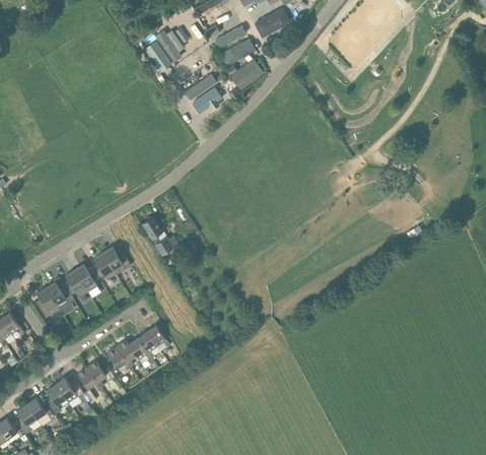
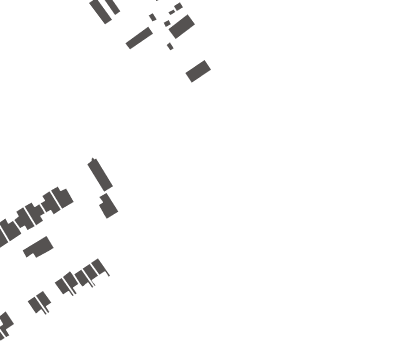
building: [193,89,223,117] -> [184,59,212,84]
building: none -> [98,192,119,220]
building: none -> [21,235,55,259]
building: [56,377,89,404] -> none

